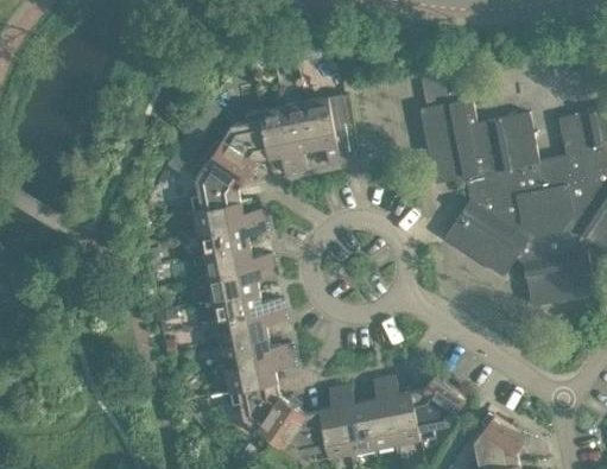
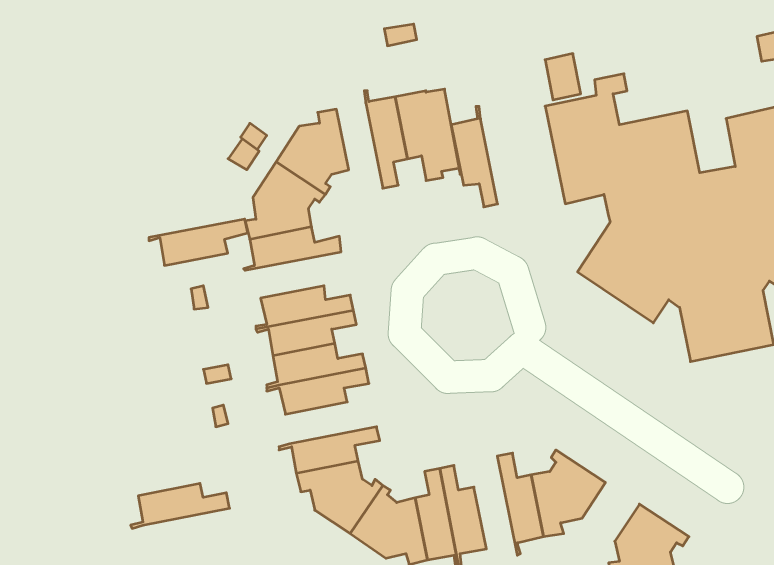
building: [260,99,296,176] -> [451,106,498,207]
building: [190,222,266,258] -> [149,219,248,265]
building: [215,337,291,372] -> [131,483,230,528]
building: [366,379,399,455] -> none

